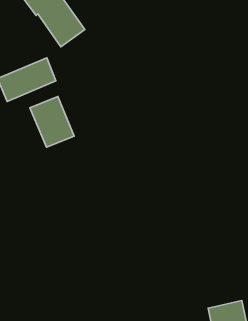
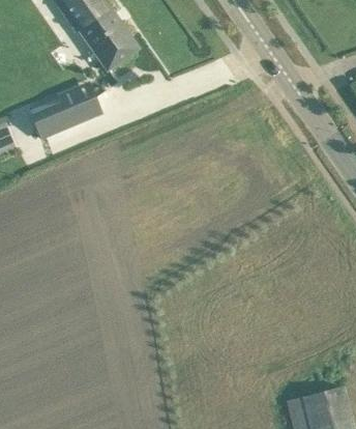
building: [30,97,74,147] -> none

